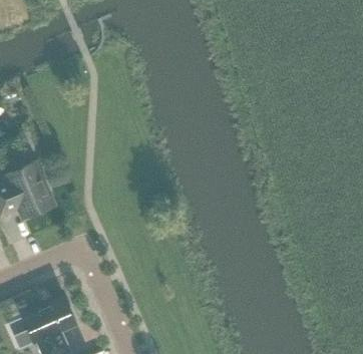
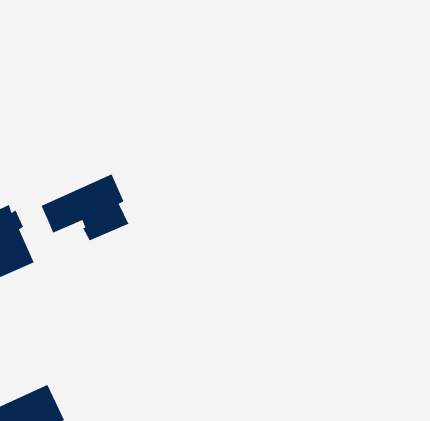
building: none -> [41,174,129,241]

